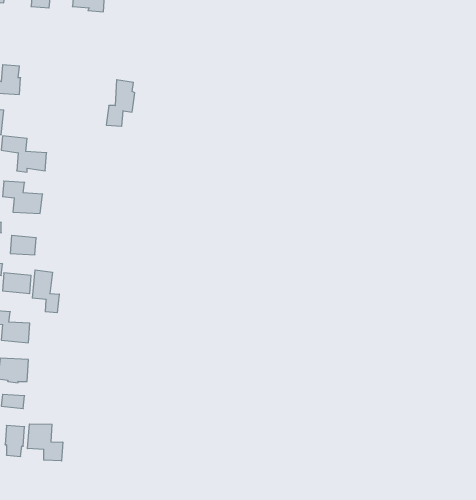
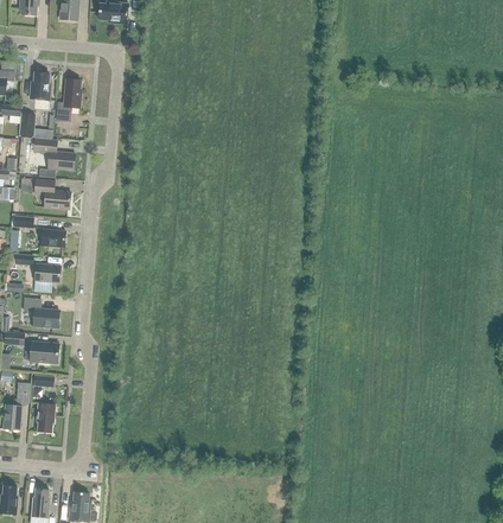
building: [106,80,135,126] -> [55,77,81,120]
building: [32,270,59,313] -> none
building: [27,424,63,461] -> none

